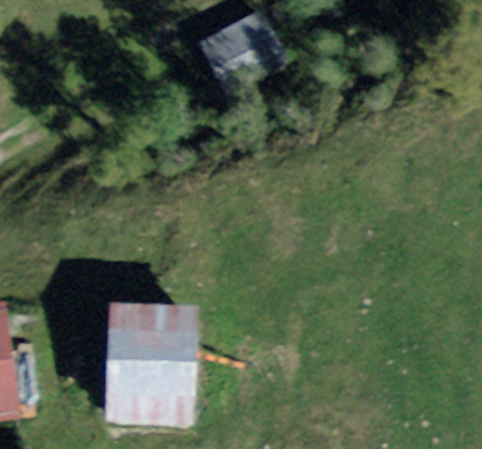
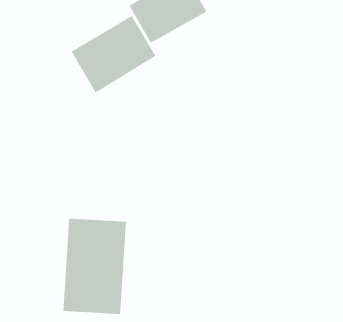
building: none -> [71,15,156,93]

